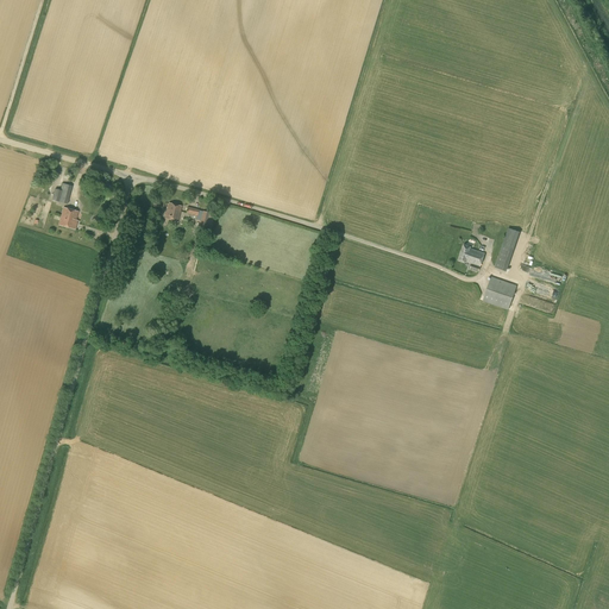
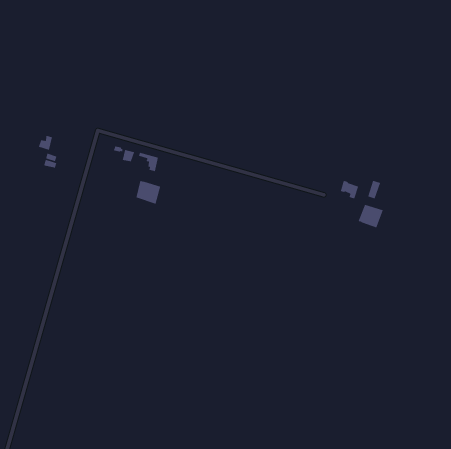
building: none -> [135,180,161,205]

